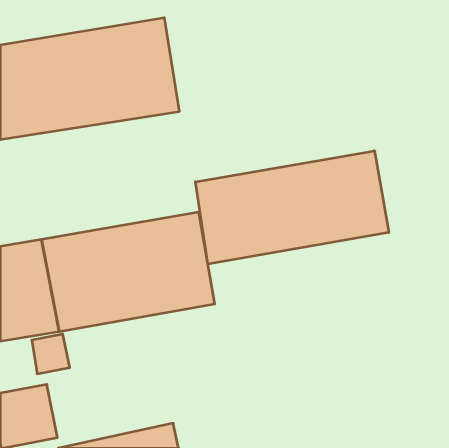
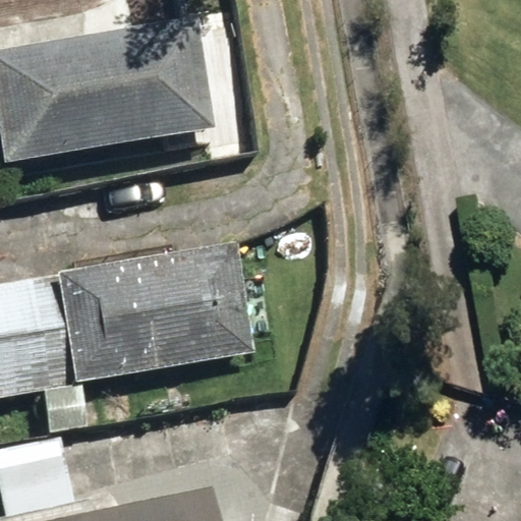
building: [195,151,389,264] -> none

